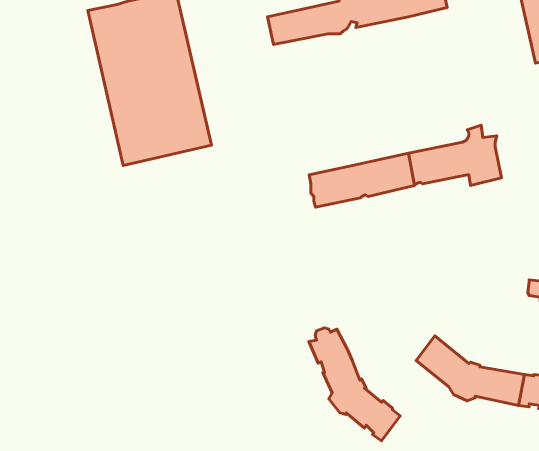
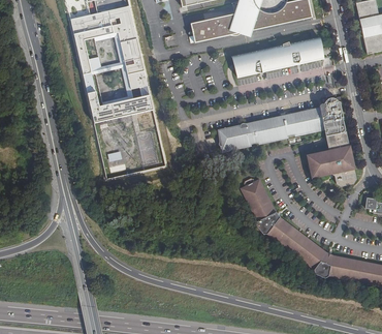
building: none -> [230,37,319,75]
building: none -> [308,130,357,185]
building: [309,328,400,441] -> [241,177,301,252]

